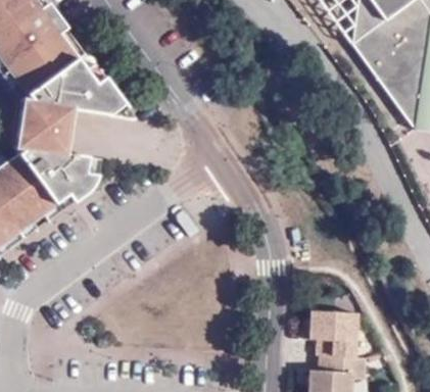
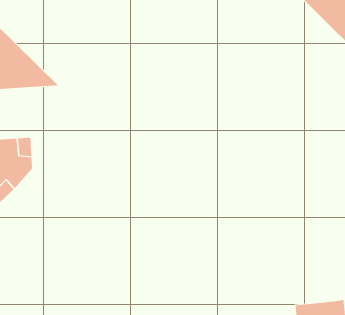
building: [308,306,355,356] -> none

